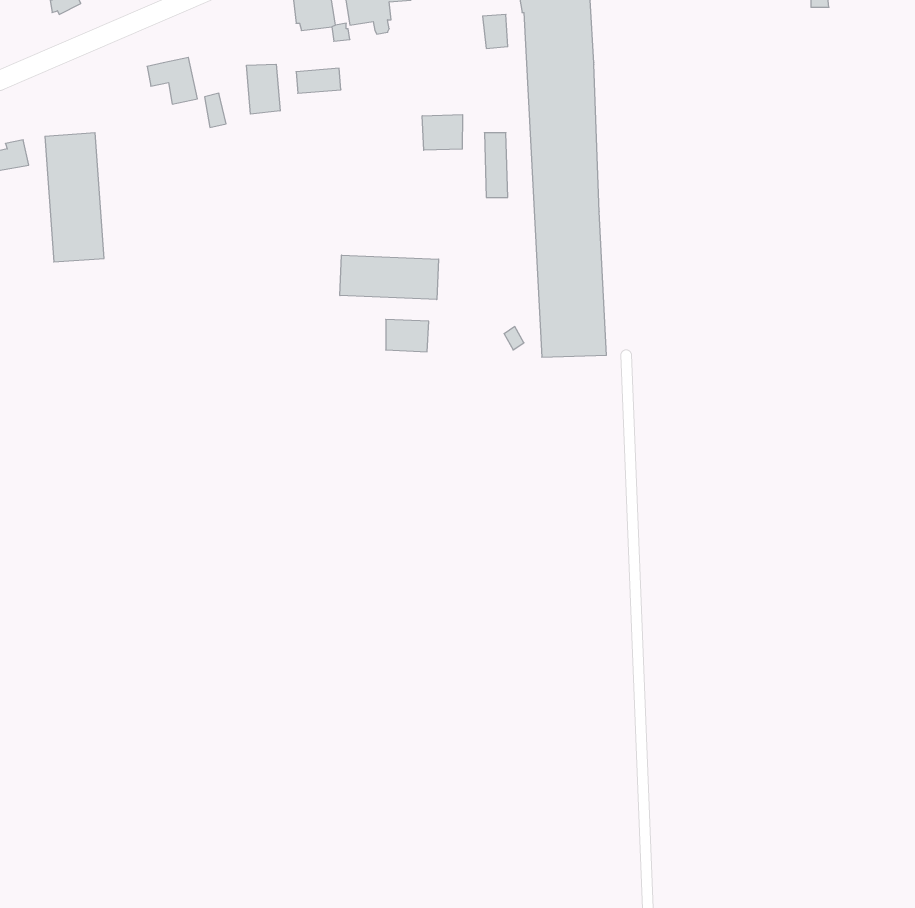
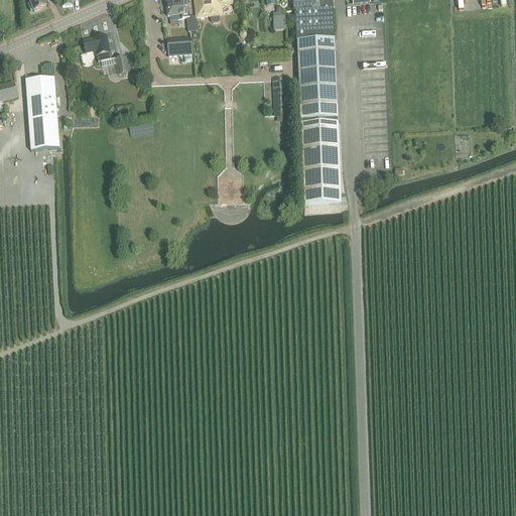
building: [247,64,280,114] -> none
building: [422,115,462,150] -> none
building: [340,255,439,300] -> none

